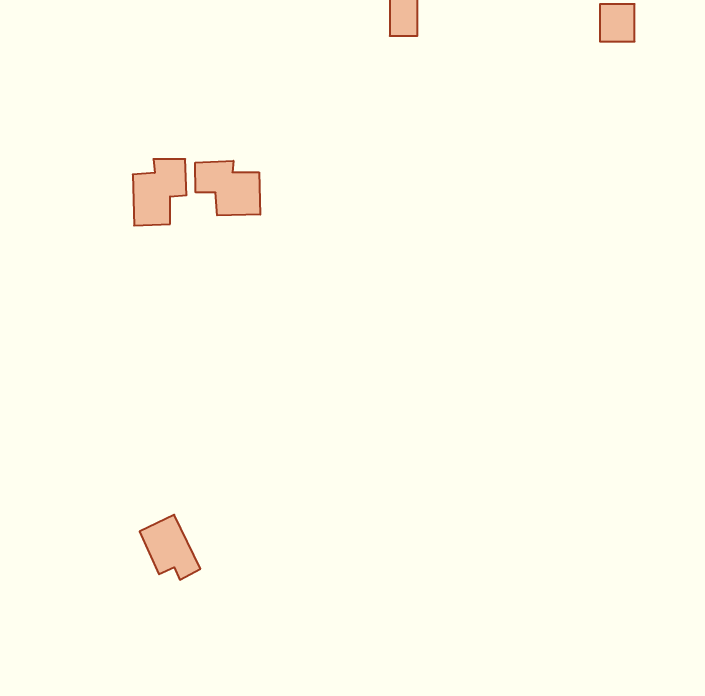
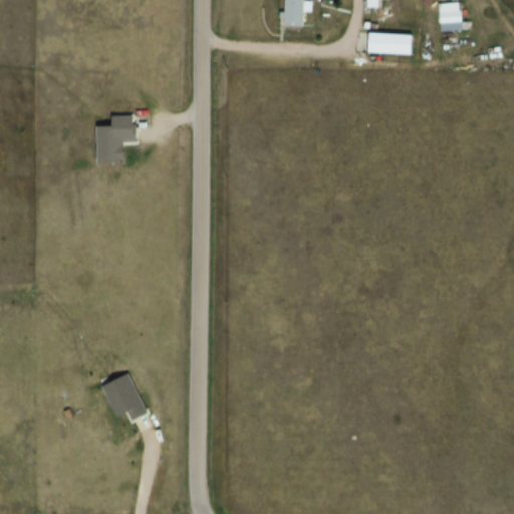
building: none -> [367,32,413,53]
building: [195,161,260,215] -> none

